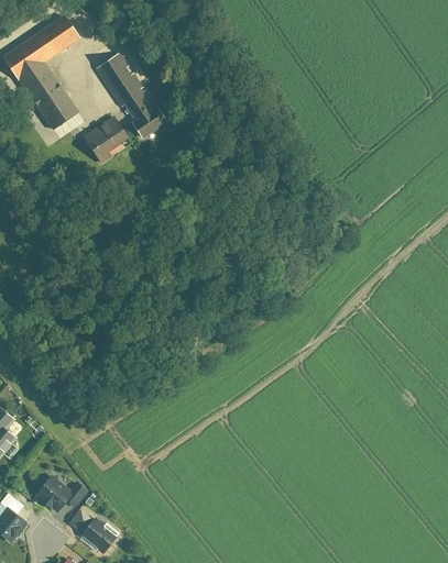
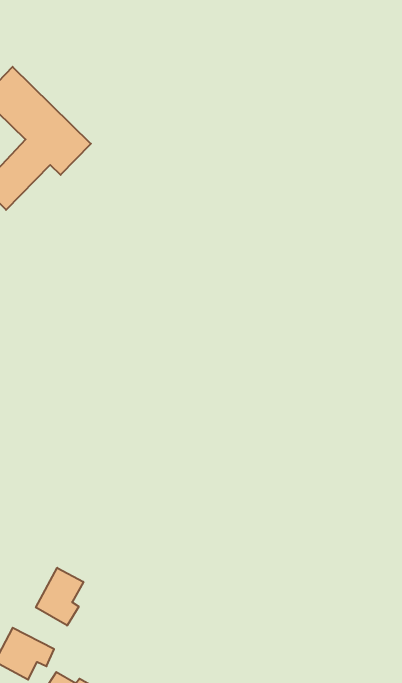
building: none -> [36,568,83,626]

